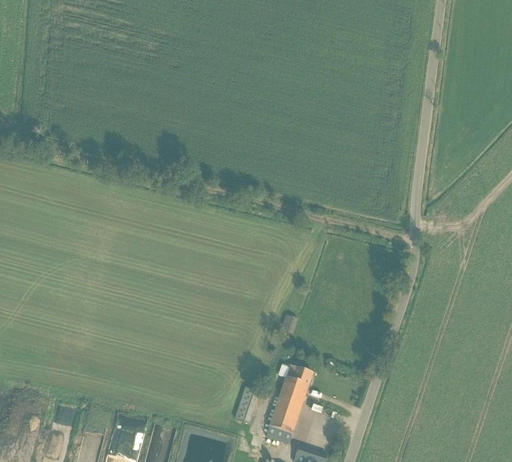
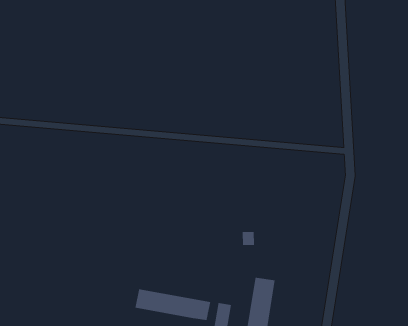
building: none -> [135,289,211,321]

